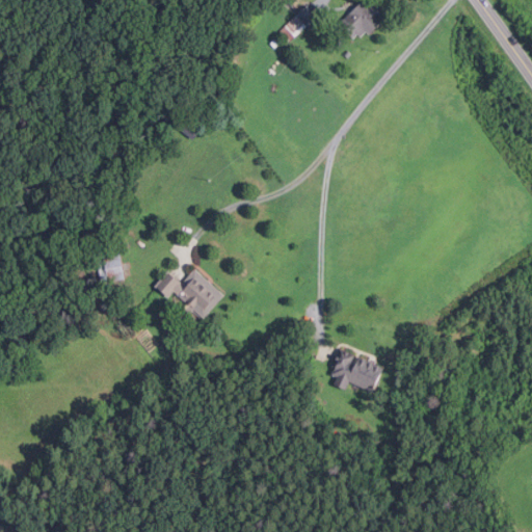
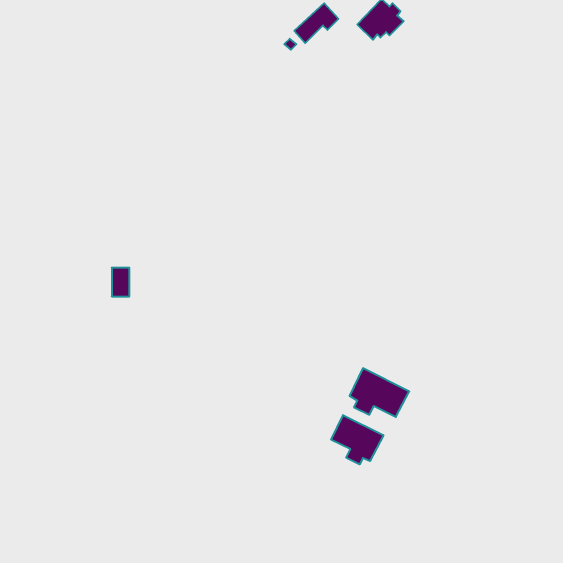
building: [156,269,225,319] -> none
building: none -> [331,415,383,464]

